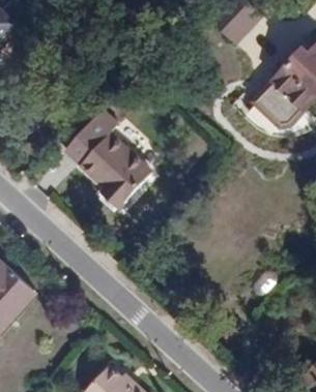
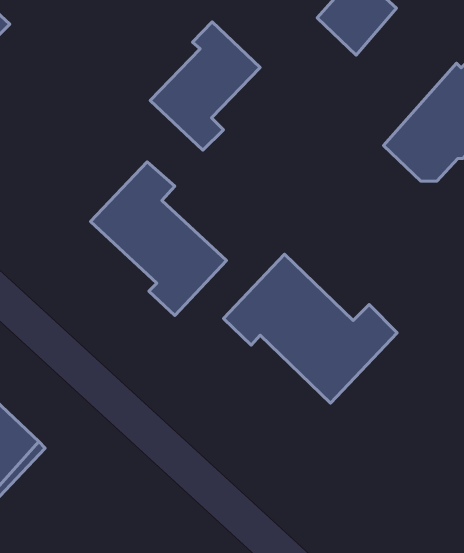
building: none -> [150,22,260,150]
building: none -> [223,254,397,403]

